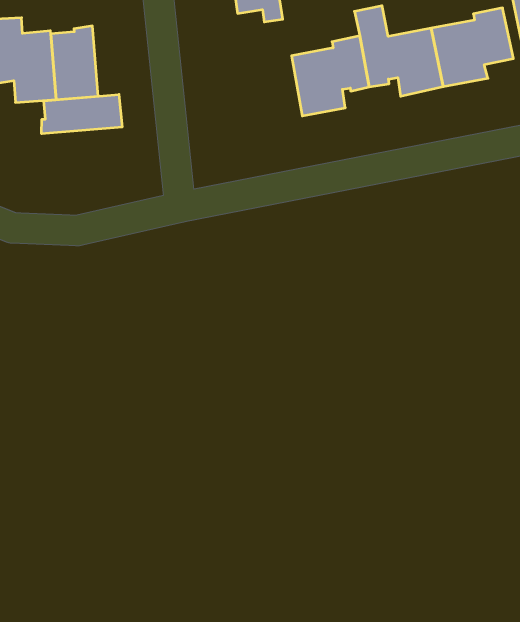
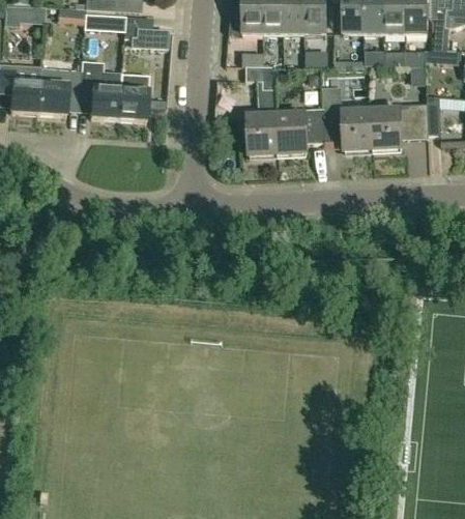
building: none -> [246,113,278,154]
building: [42,94,122,134] -> none

